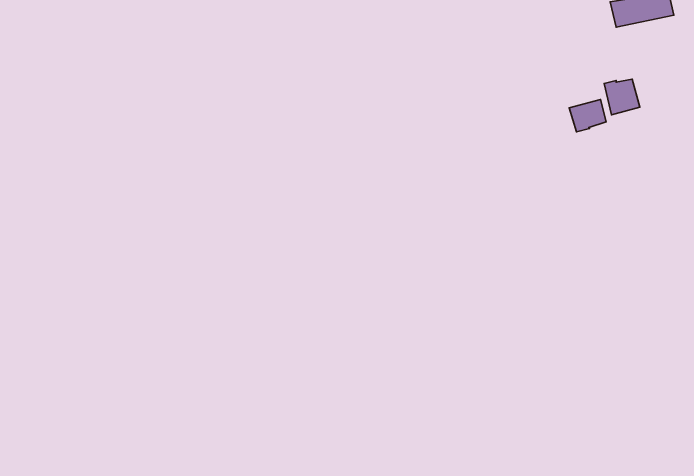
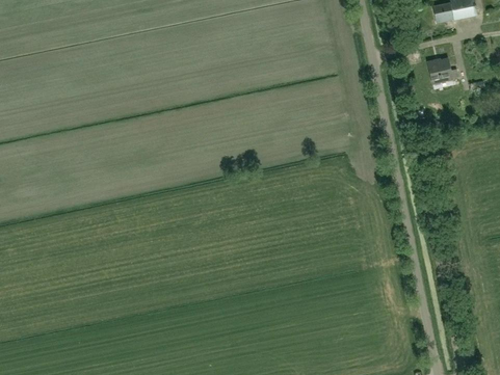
building: [569,100,606,132] -> none

